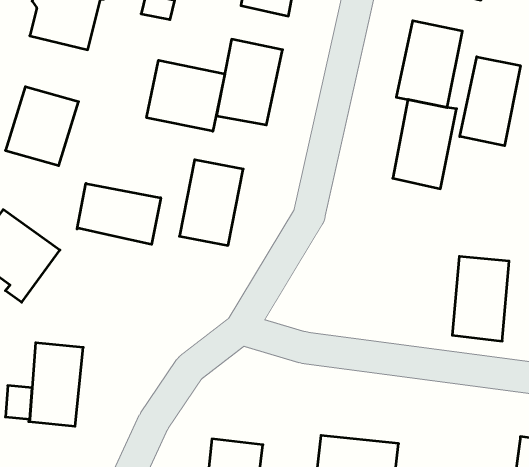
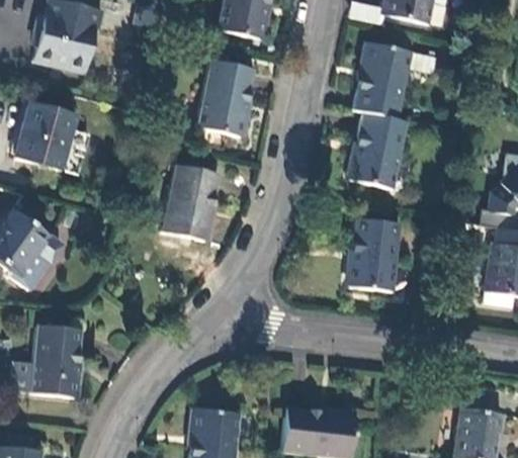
building: [460,57,520,146] -> none
building: [147,60,225,131] -> none
building: [77,183,161,244] -> none
building: [452,256,509,341] -> [351,219,401,293]

